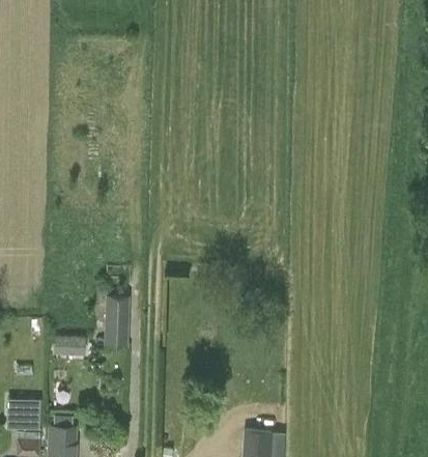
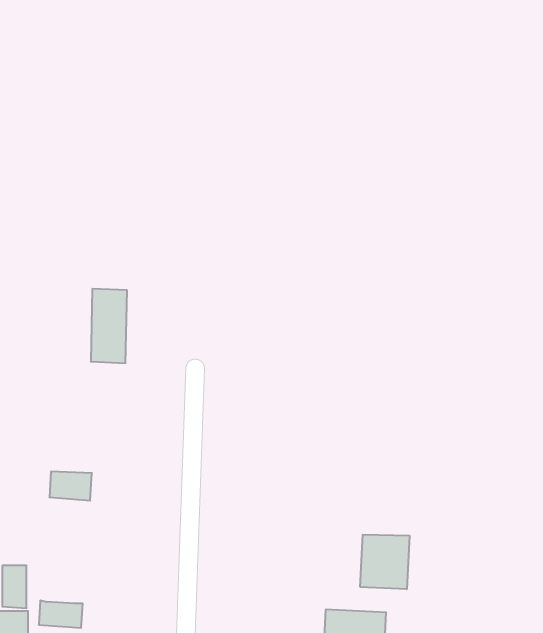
building: [105,296,130,347] -> [91,289,127,363]
building: none -> [360,535,409,589]

